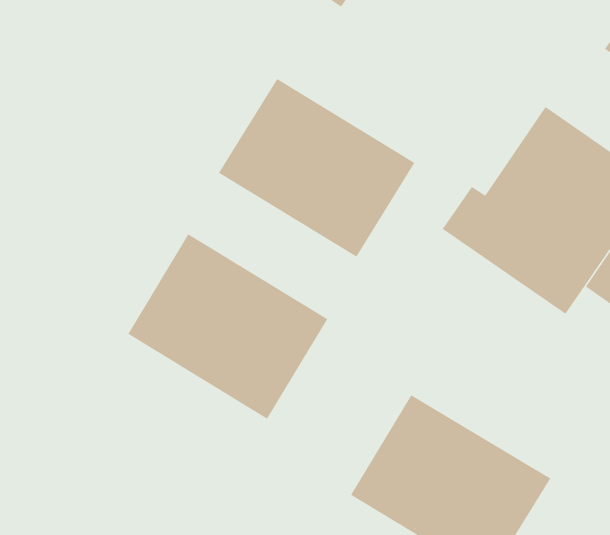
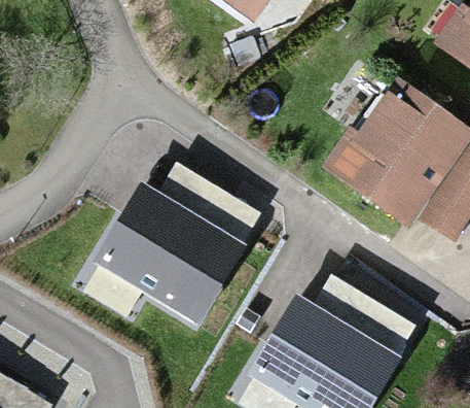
building: [218,78,415,258] -> none

